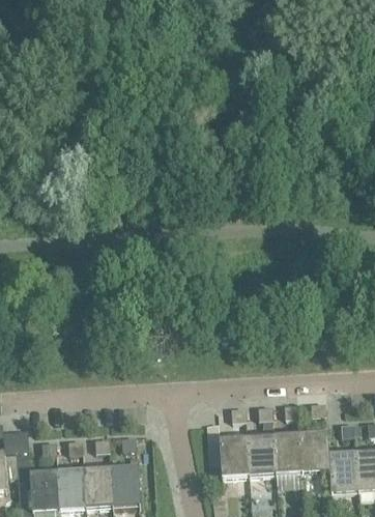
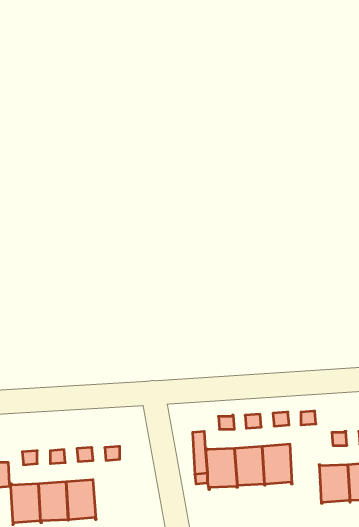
building: [300,430,329,471] -> none
building: [110,464,140,506] -> none

